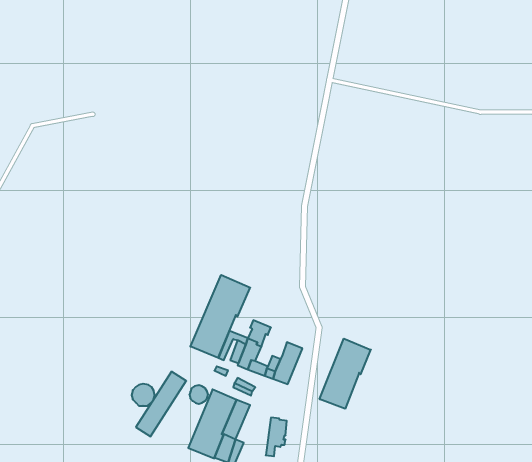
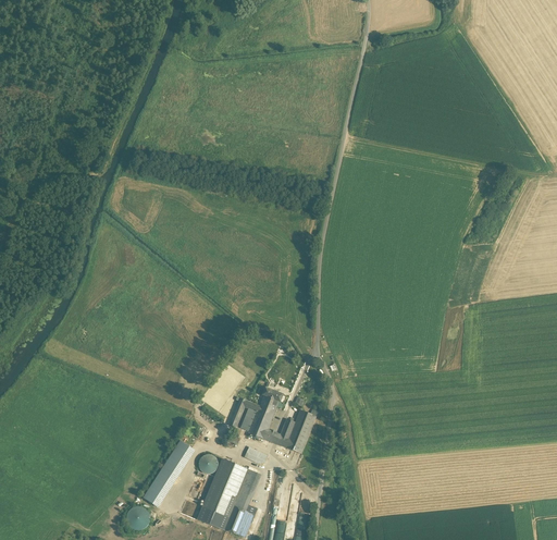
building: [190,275,250,358] -> none
building: [320,339,371,409] -> none
building: [132,384,155,406] -> [124,505,148,528]

